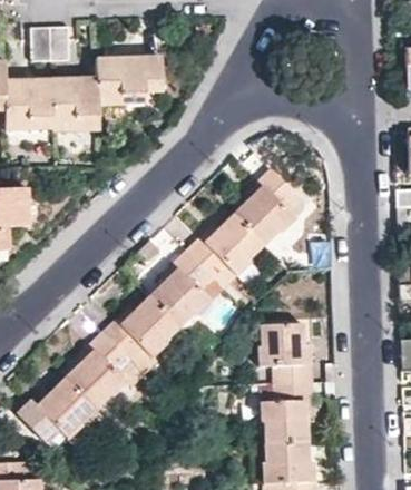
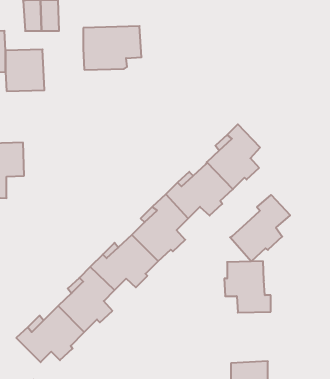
building: [50,81,99,129] -> none
building: none -> [230,195,290,261]
building: [261,383,313,442] -> none

